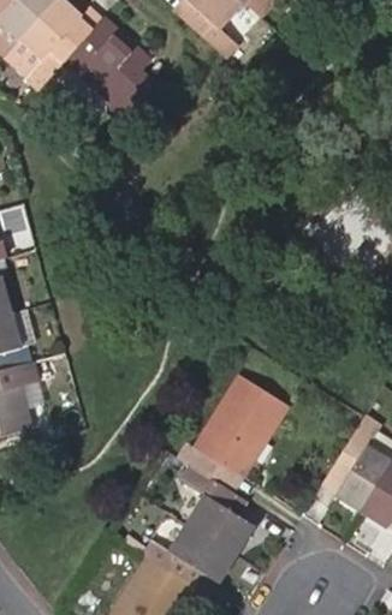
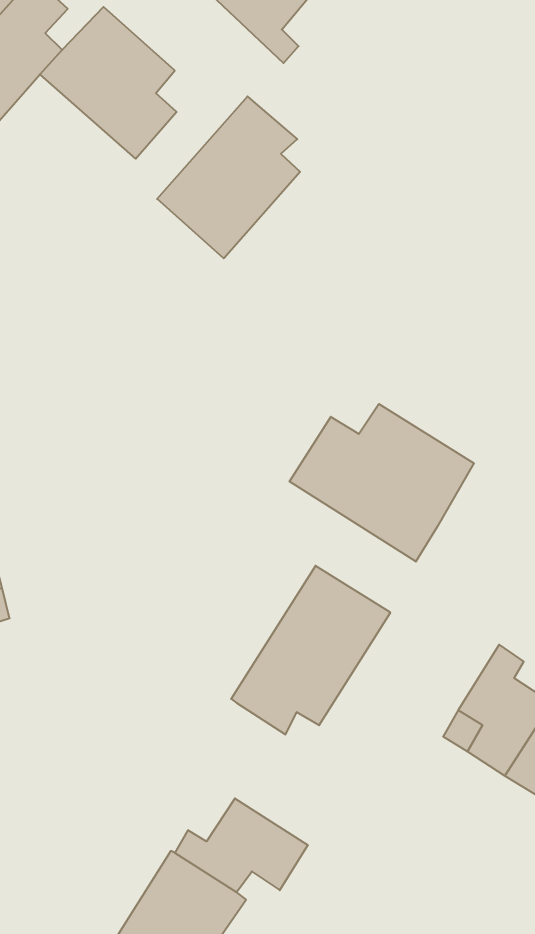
building: none -> [157,96,300,258]
building: none -> [290,404,474,562]
building: [180,461,254,553] -> none

